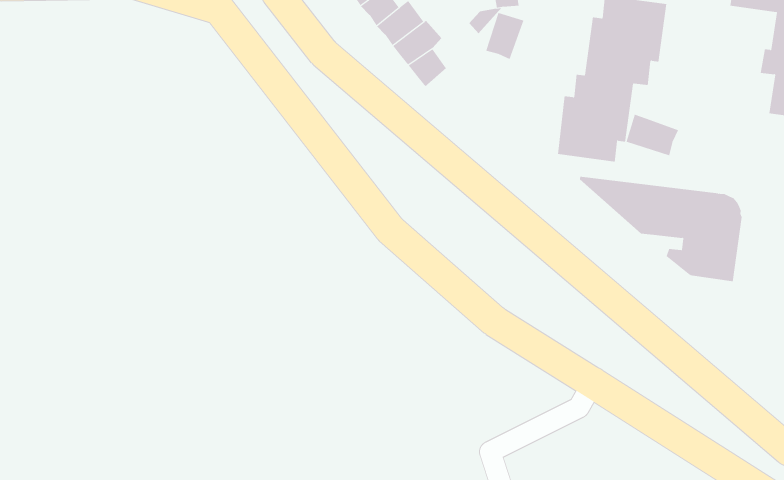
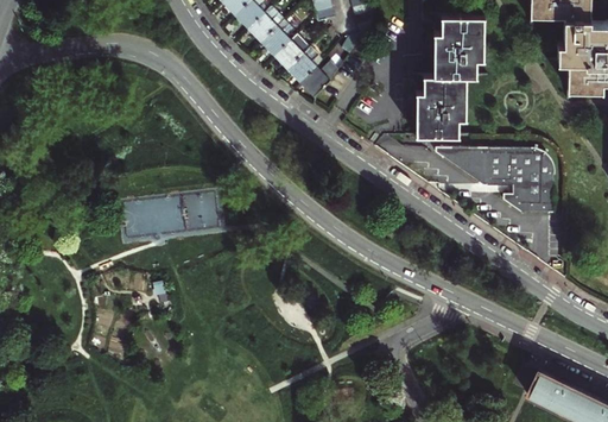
building: [486,12,524,60] -> none
building: [626,114,679,156] -> none

